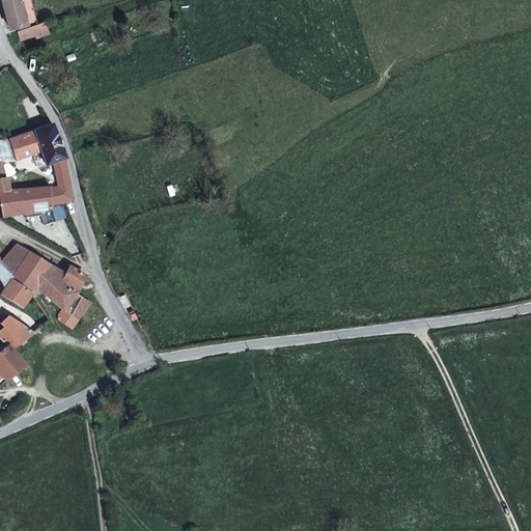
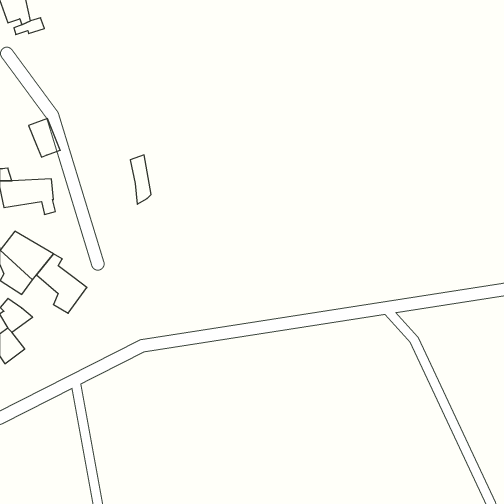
building: [7,132,38,160] -> none
building: [49,158,71,209] -> [130,155,151,204]
building: [61,264,88,291] -> none

